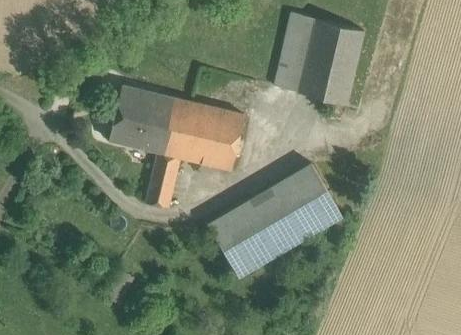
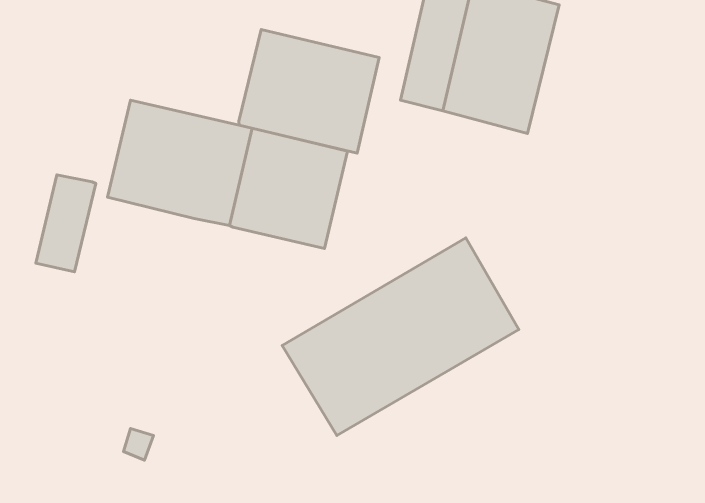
building: none -> [239,30,379,153]
building: [145,153,179,208] -> [36,175,96,272]

